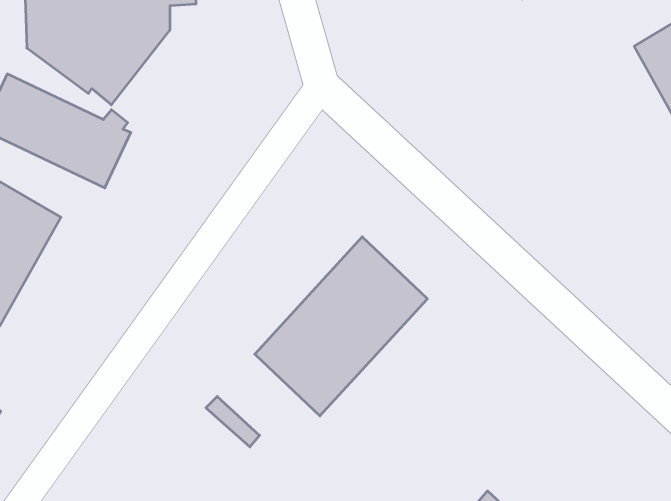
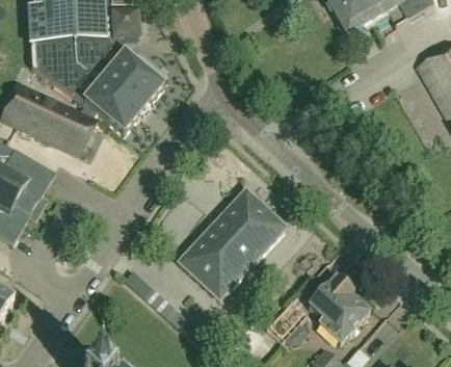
building: none -> [85,52,165,134]
building: none -> [311,279,370,342]

